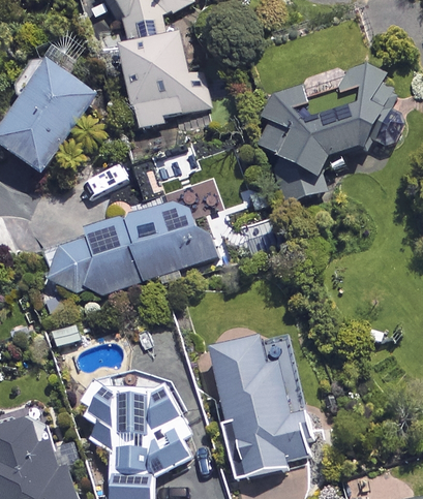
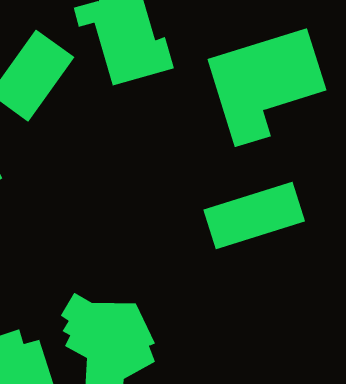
building: [44,195,217,309] -> none
building: none -> [203,181,306,250]
building: [211,336,308,477] -> none

